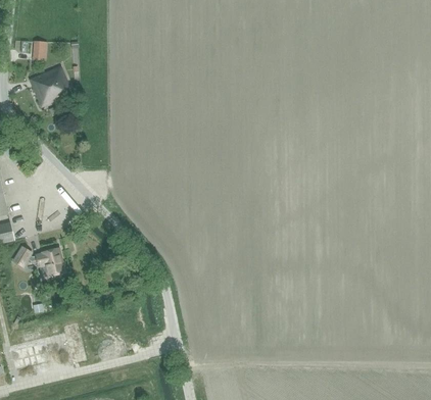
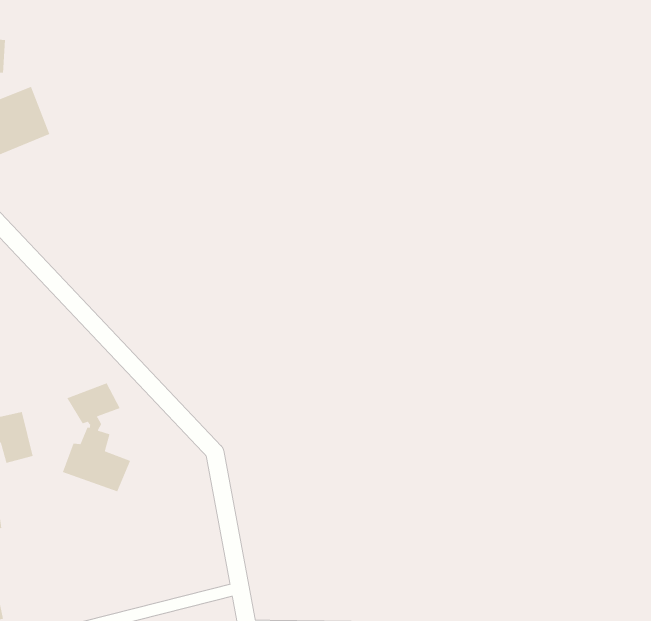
building: none -> [62,383,131,492]

